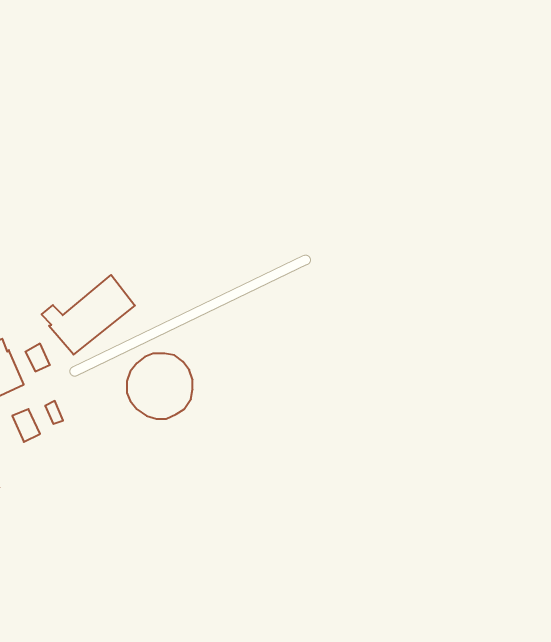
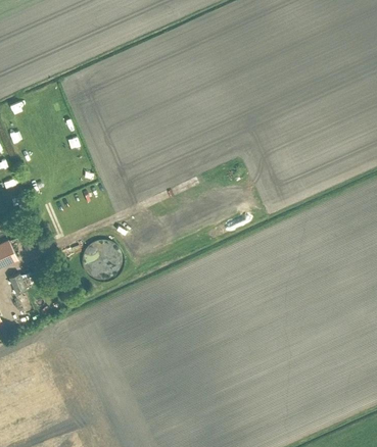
building: [42,275,135,355] -> none

